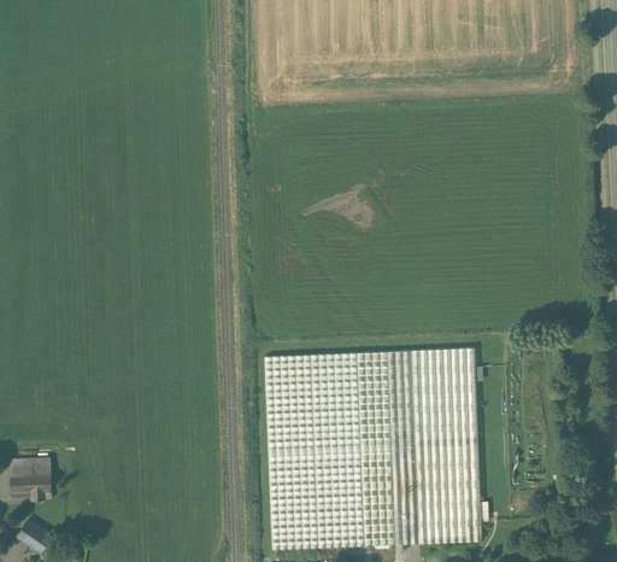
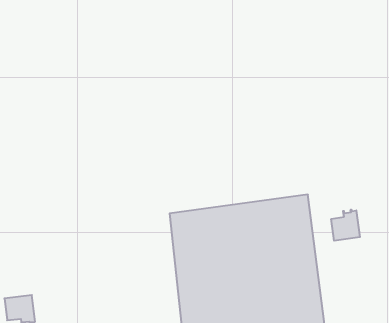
building: none -> [331,210,360,241]

